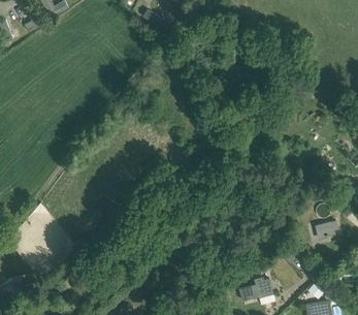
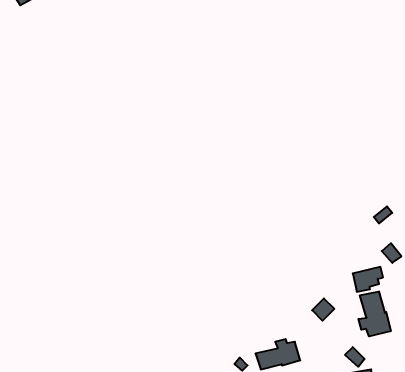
building: none -> [358,291,391,336]

